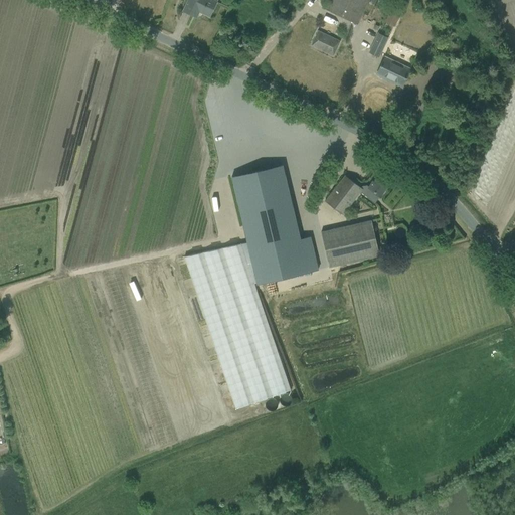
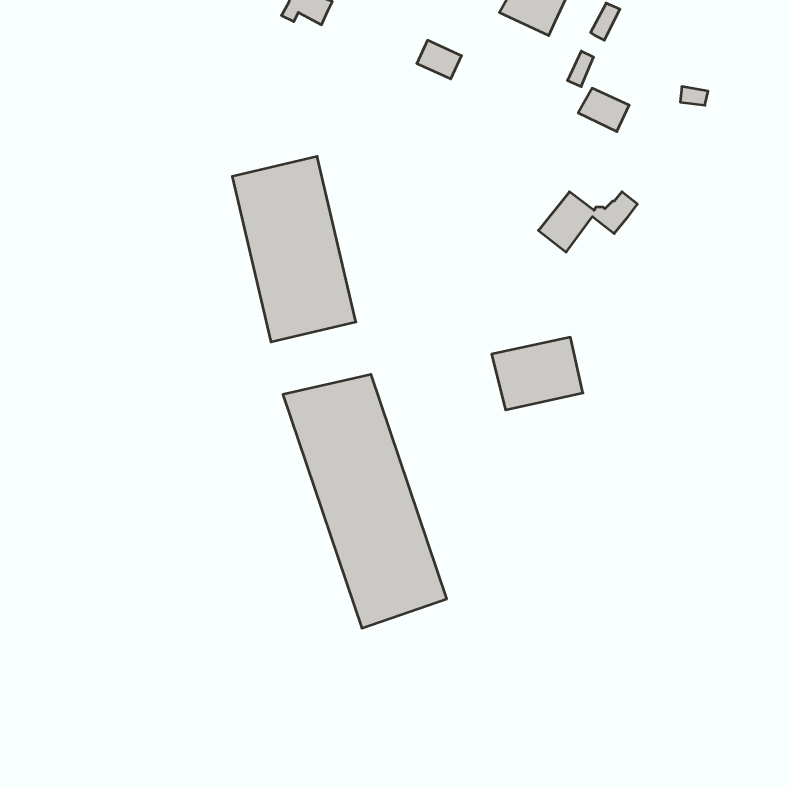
building: [311,30,340,55] -> [417,40,462,79]
building: [232,164,313,285] -> [232,156,356,342]
building: [325,175,389,214] -> [538,192,637,252]

